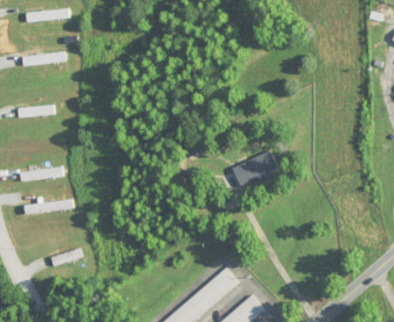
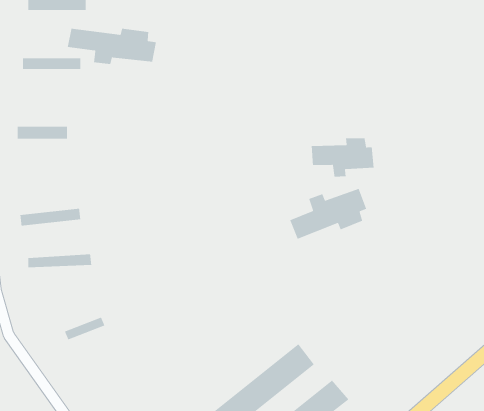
building: none -> [67,28,157,65]
building: none -> [311,138,375,177]

